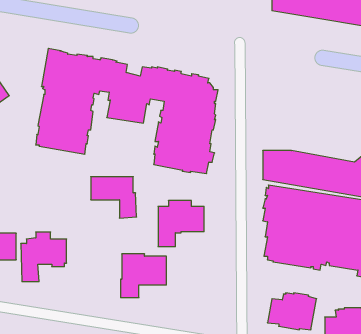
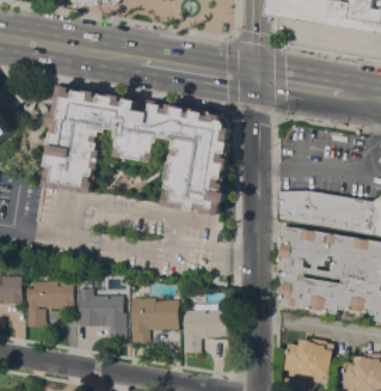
building: [91,177,137,218] -> [78,297,125,340]
building: [158,201,204,247] -> [182,305,229,353]

